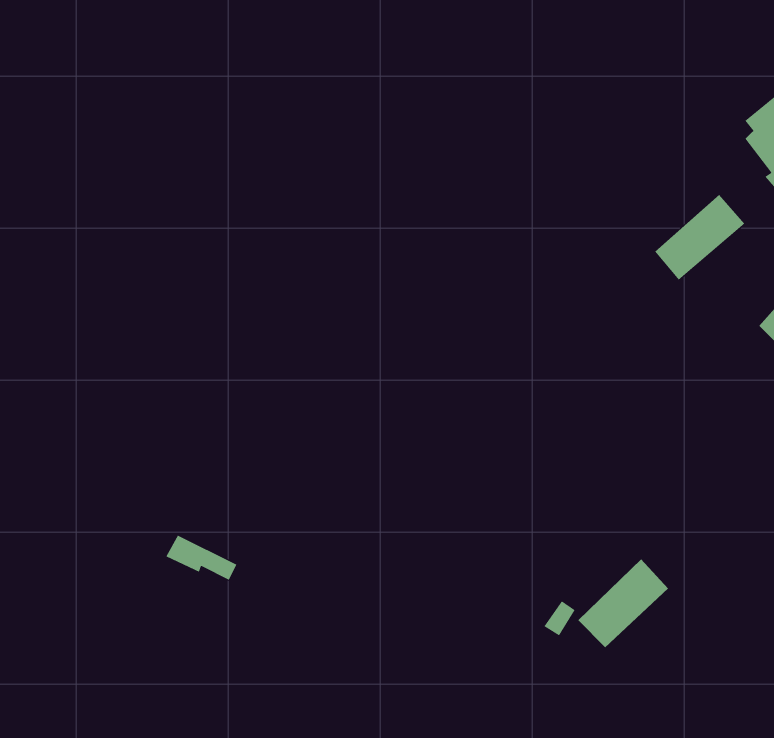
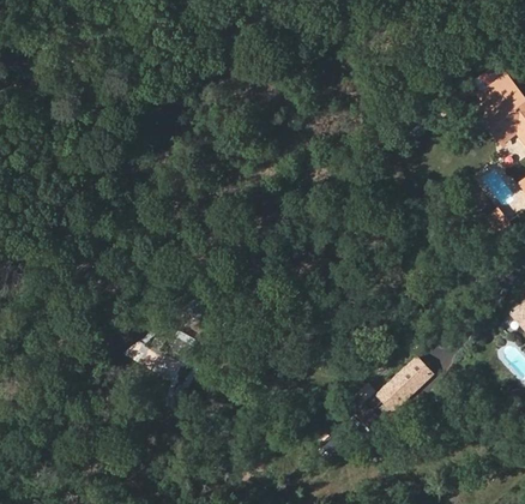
building: [655,194,745,281] -> none

